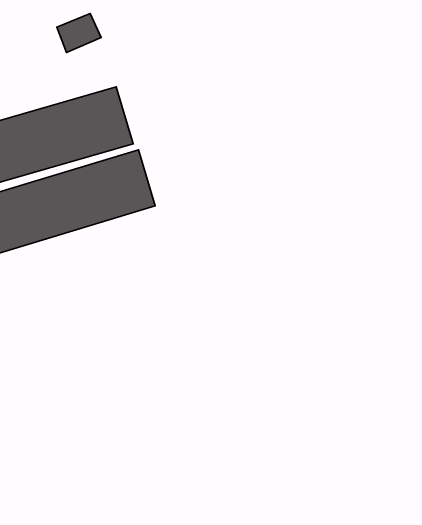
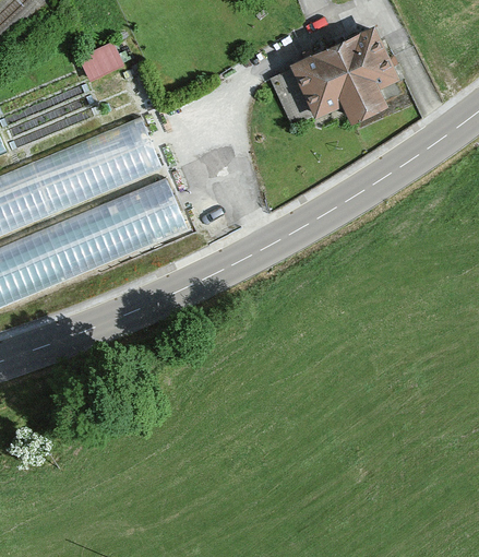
building: none -> [287,35,402,131]

